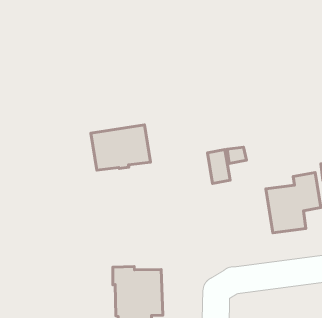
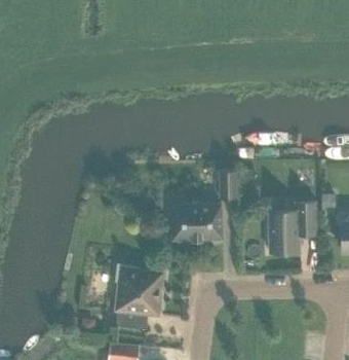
building: [91,125,151,170] -> [170,204,222,241]

